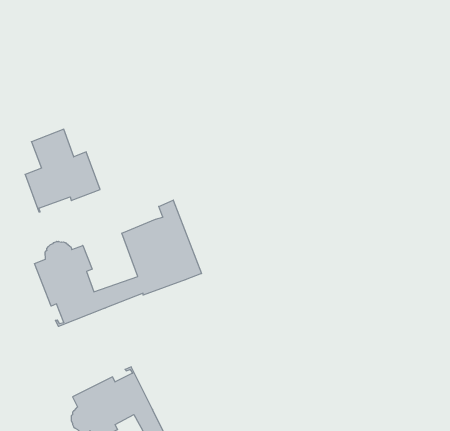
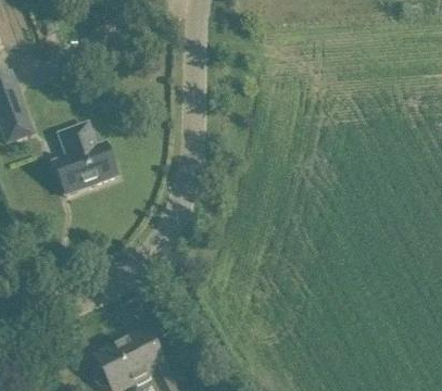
building: [35,200,201,326] -> none

